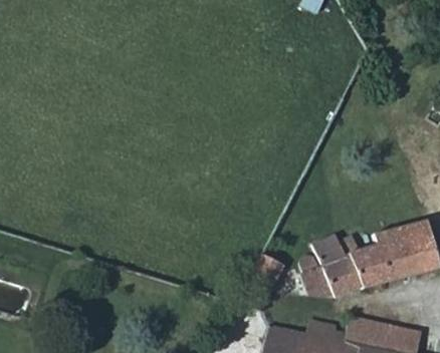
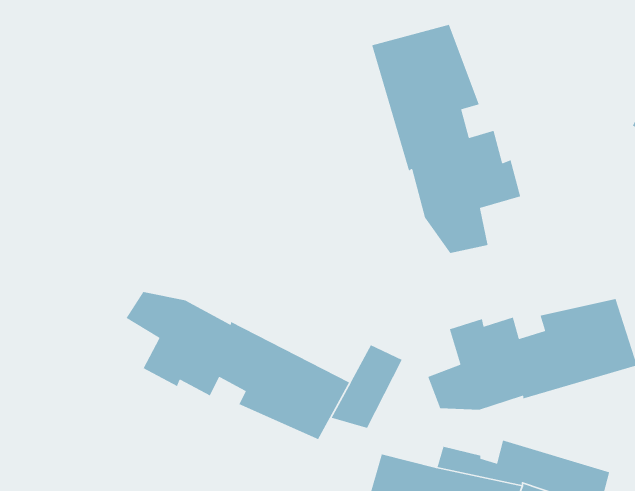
building: none -> [371,24,521,254]
building: none -> [125,291,350,440]

